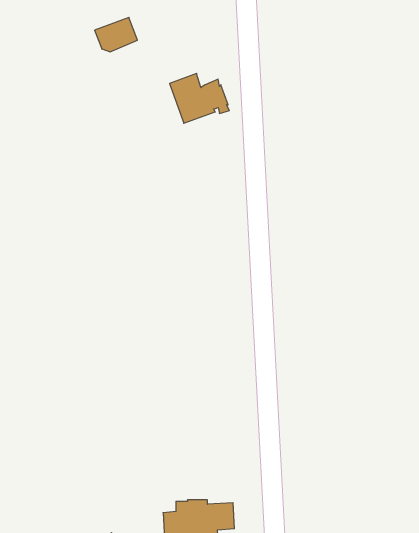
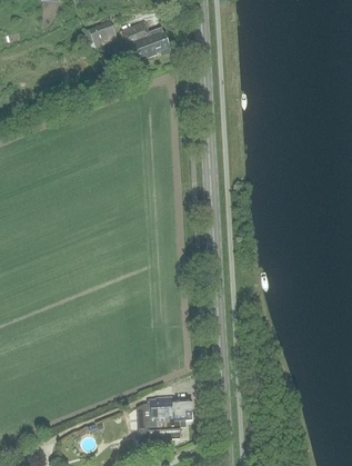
building: [170,73,229,123] -> [123,23,170,62]

